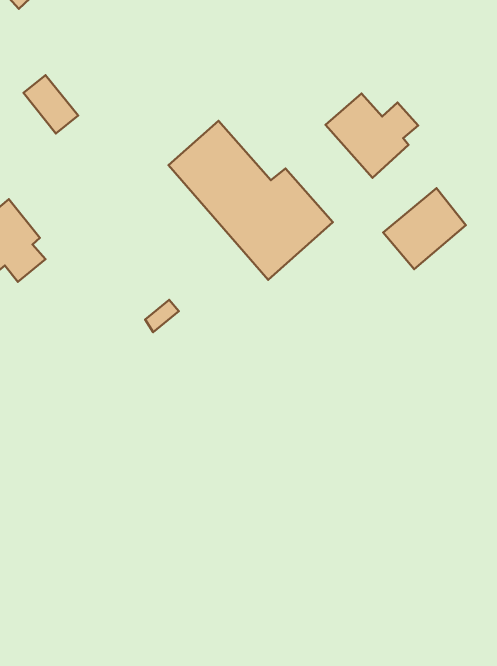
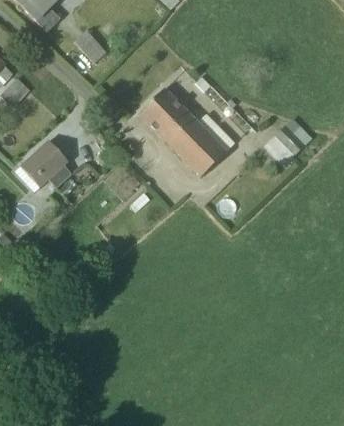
building: [23,75,78,133] -> [74,29,106,62]
building: [326,93,418,178] -> none

